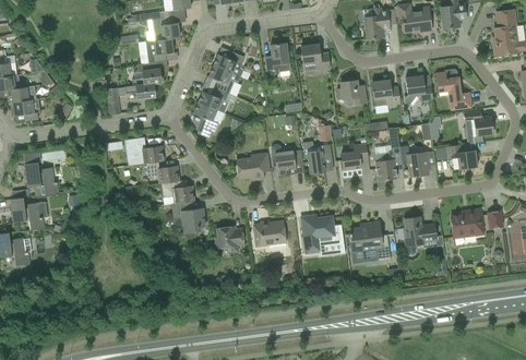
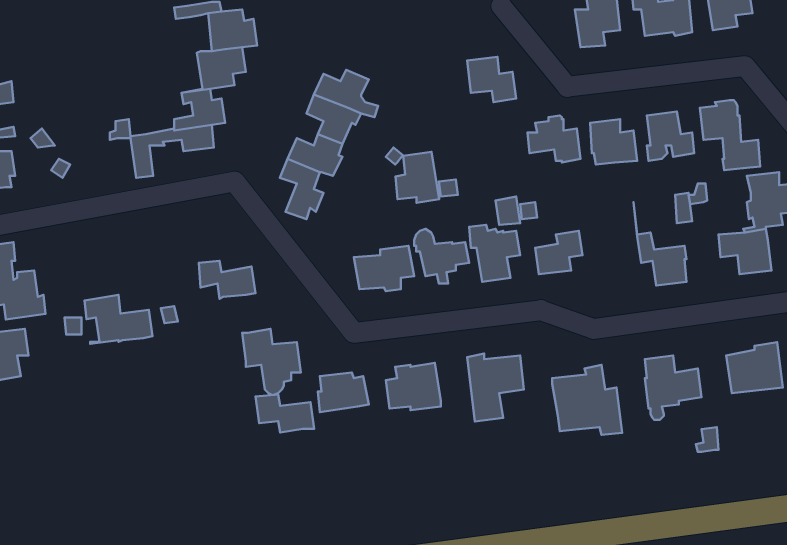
building: [265,43,290,72] -> [396,152,439,203]
building: [374,128,399,180] -> none
building: [124,136,164,165] -> [85,295,153,344]
building: [160,181,194,203] -> [256,395,314,432]

